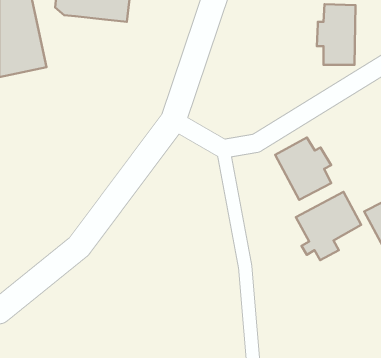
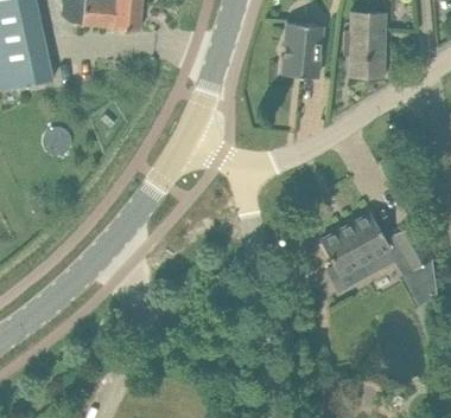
building: none -> [281,21,322,77]
building: [275,137,331,200] -> none

